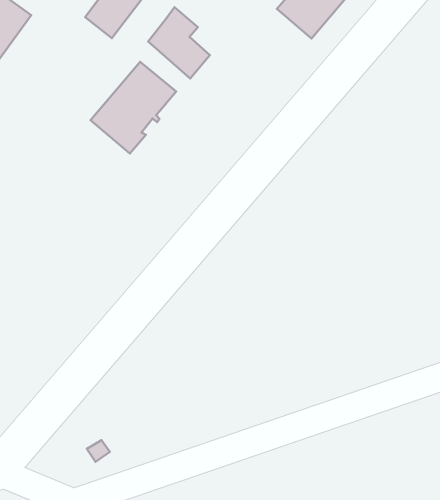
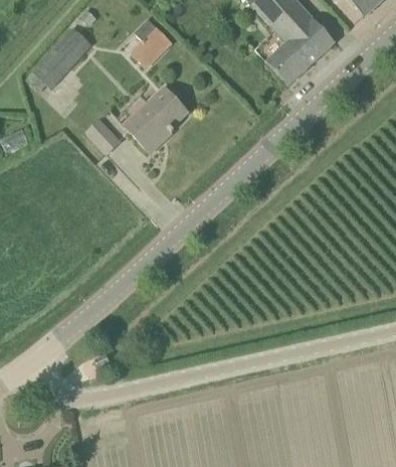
building: [148,7,210,78] -> none
building: none -> [86,119,120,153]

